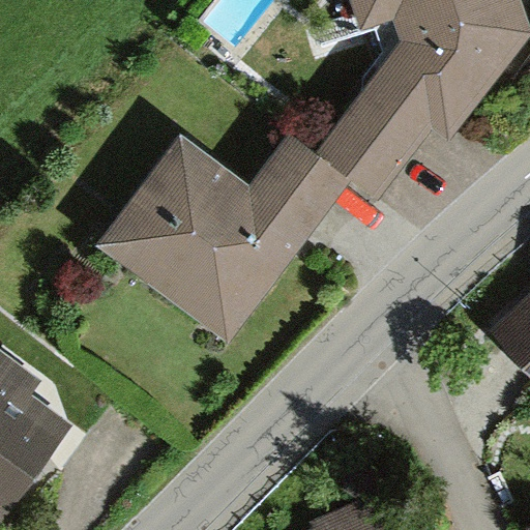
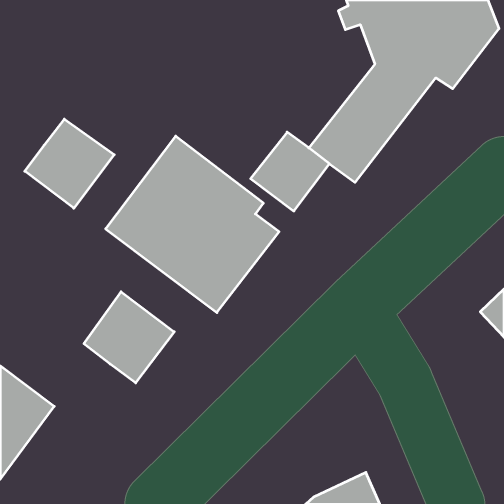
building: none -> [25,119,114,208]
building: none -> [84,292,174,383]

